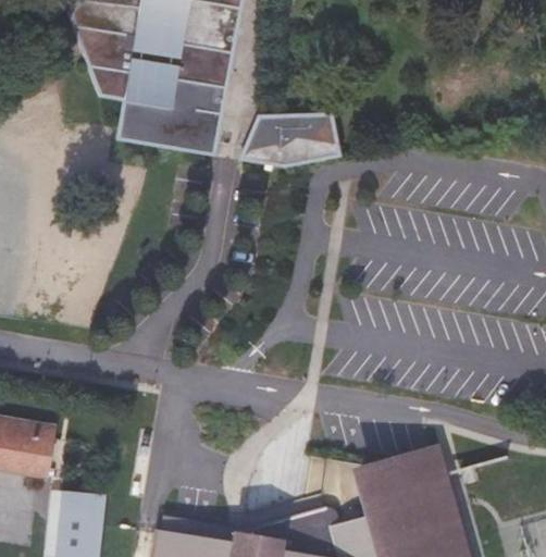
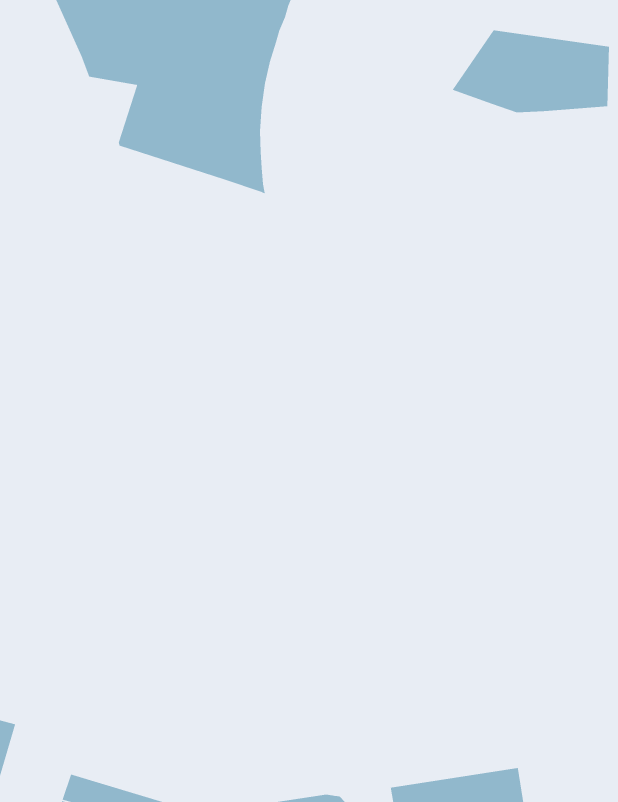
building: [250,114,349,164] -> [452,30,610,113]
building: [346,458,434,510] -> none

